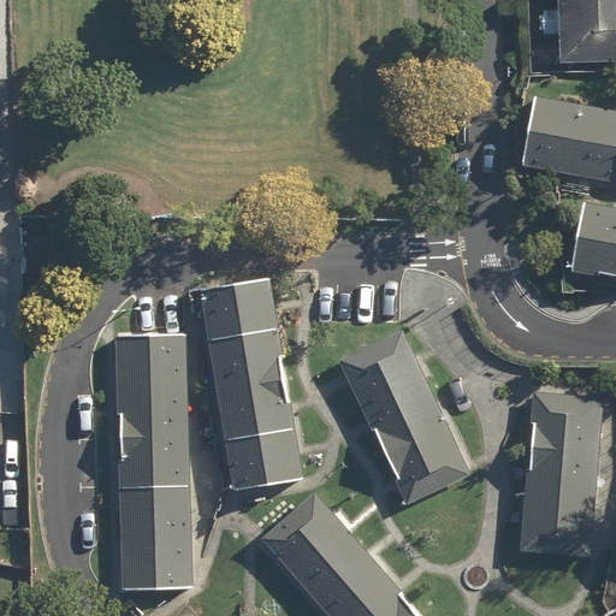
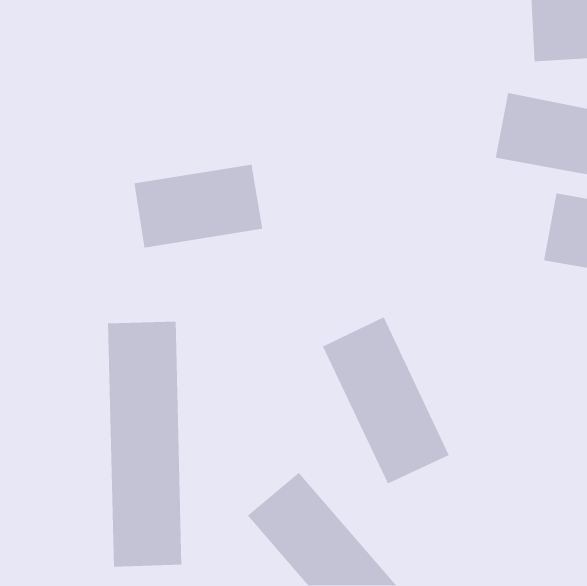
building: none -> [133,164,263,249]
building: [197,280,303,492] -> none
building: [519,392,604,556] -> none

